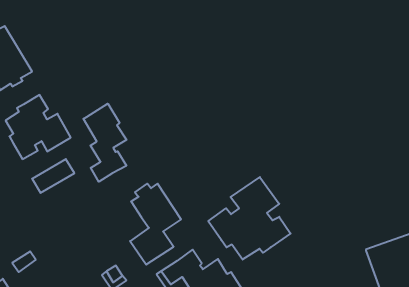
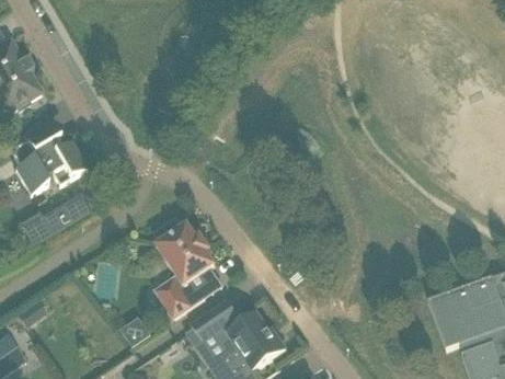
building: [83,104,126,182] -> none
building: [208,177,291,260] -> none

